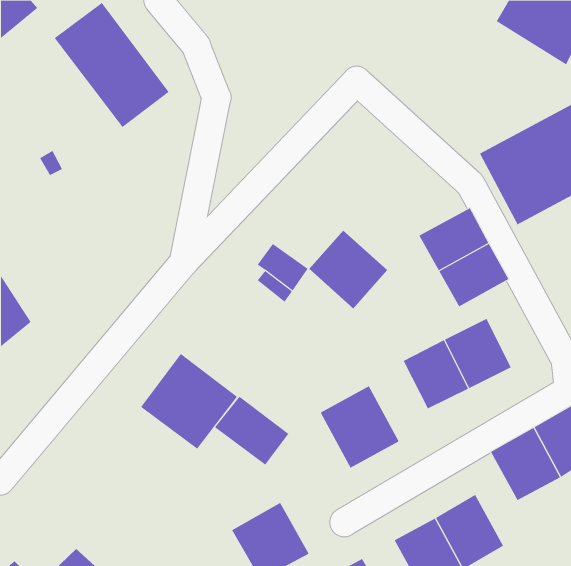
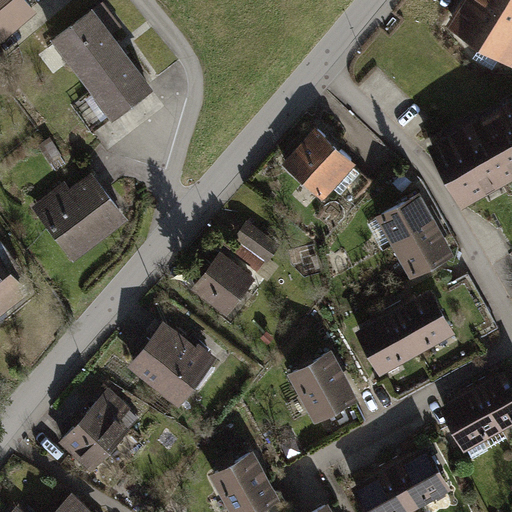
building: none -> [30,175,125,263]
building: [308,230,388,309] -> [284,129,355,200]
building: none -> [189,254,254,320]
building: [214,396,289,465] -> none
building: none -> [56,392,138,475]

